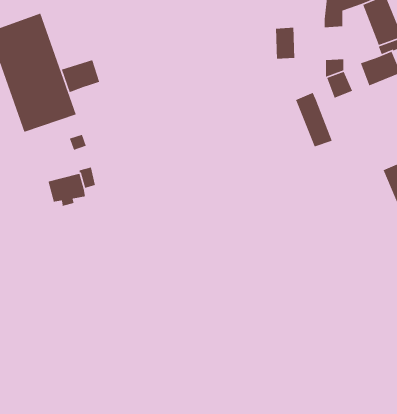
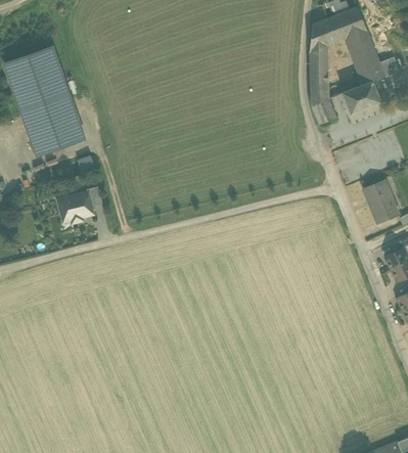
building: [275,27,295,60] -> [310,59,328,89]
building: [61,59,101,93] -> none
building: [295,92,333,147] -> none

